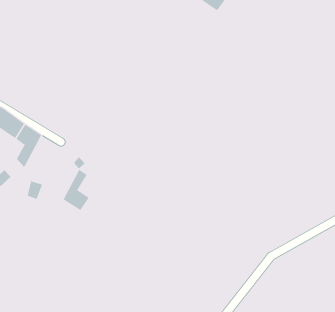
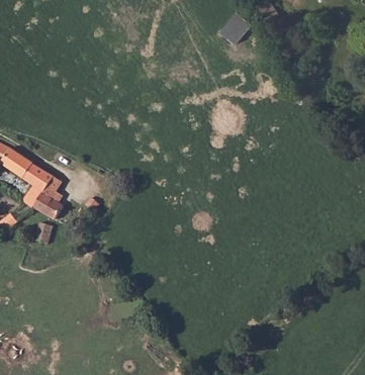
building: [63,169,89,211] -> [34,175,63,219]

